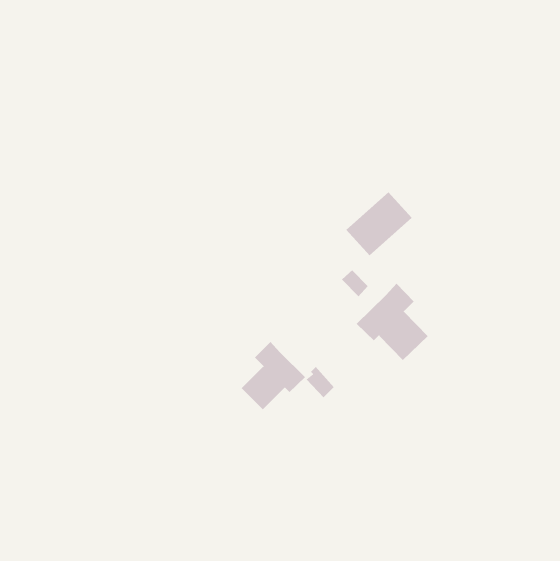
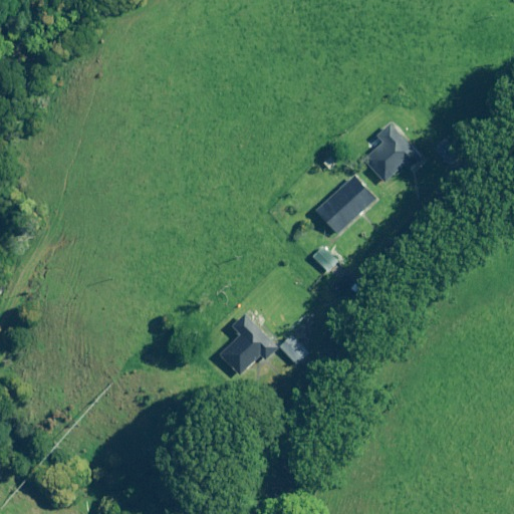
building: none -> [363,123,426,182]
building: [356,283,428,361] -> none

